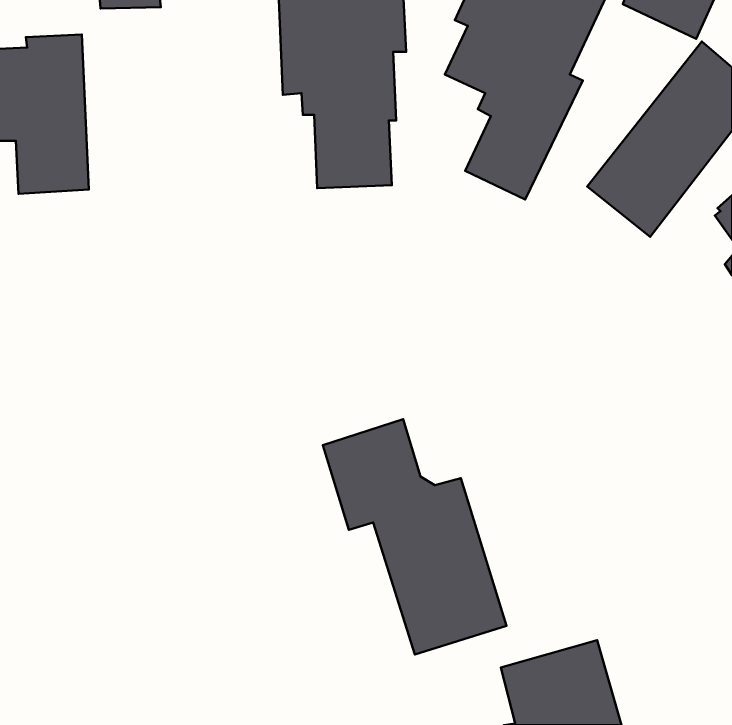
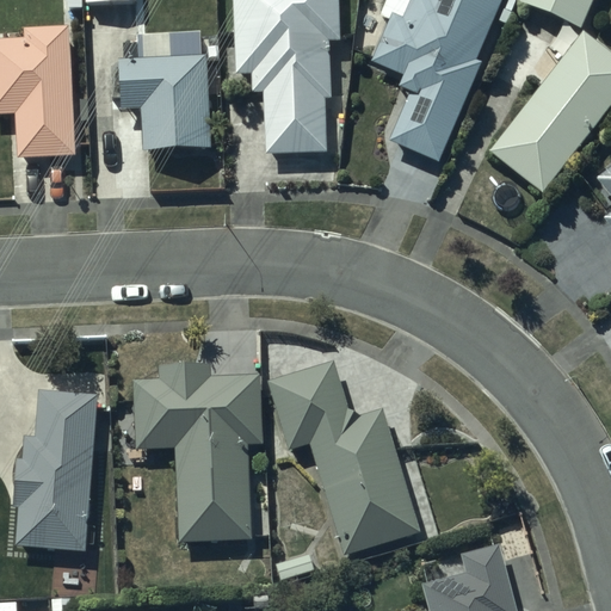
building: none -> [118,35,209,154]
building: none -> [135,352,265,531]
building: none -> [10,375,98,548]

